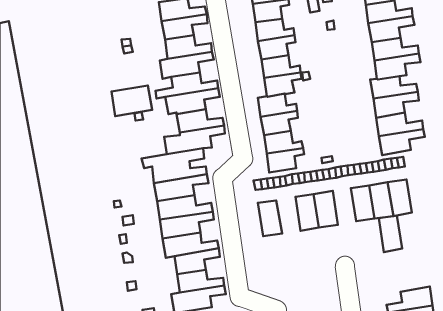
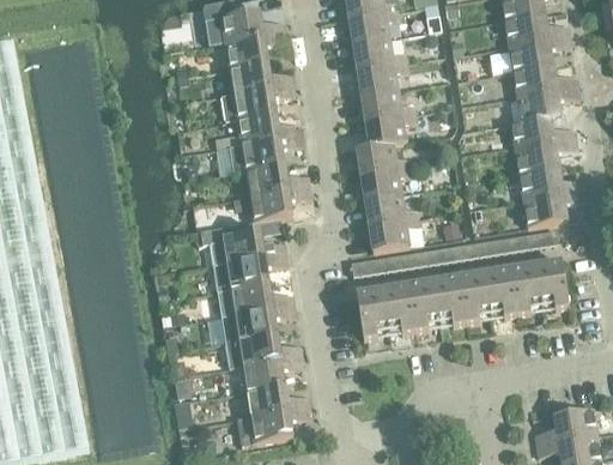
building: [112,85,152,116] -> none
building: none -> [381,283,414,333]
building: [379,216,402,252] -> [459,271,491,321]

